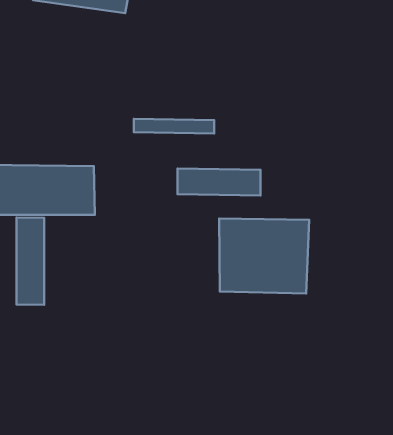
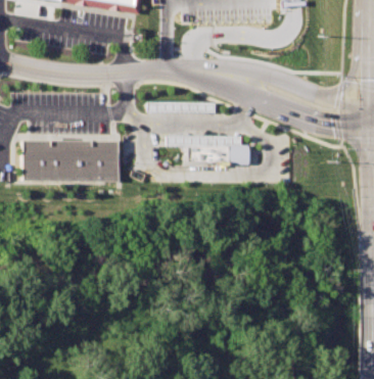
building: [17,217,44,305] -> none
building: [219,219,309,294] -> none

